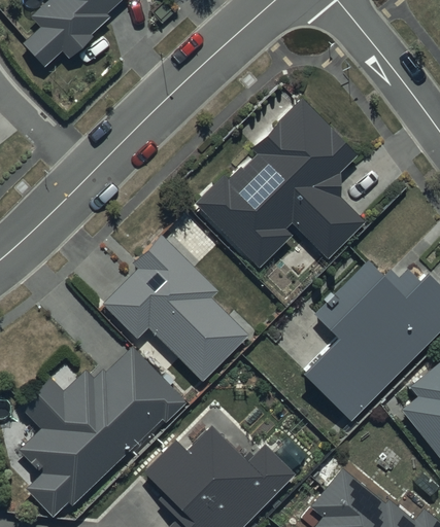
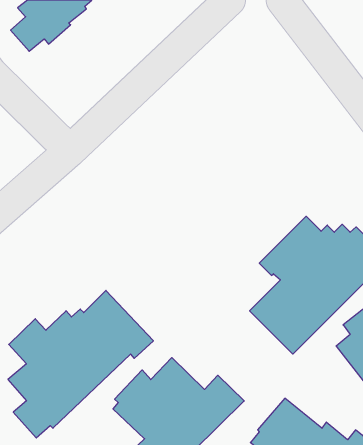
building: [196,97,365,268] -> none
building: [103,235,247,382] -> none

